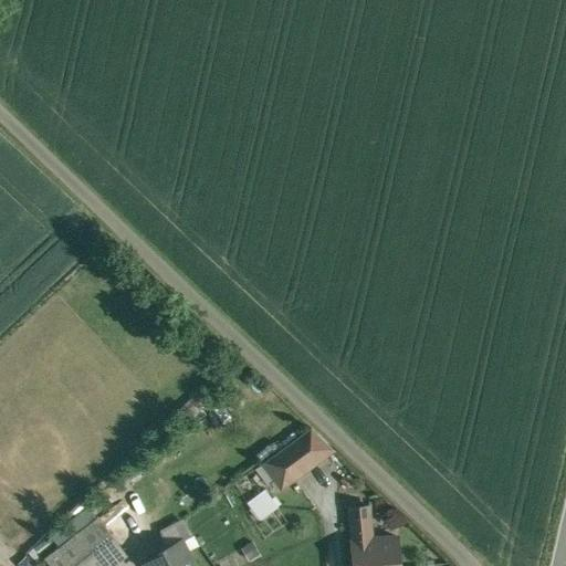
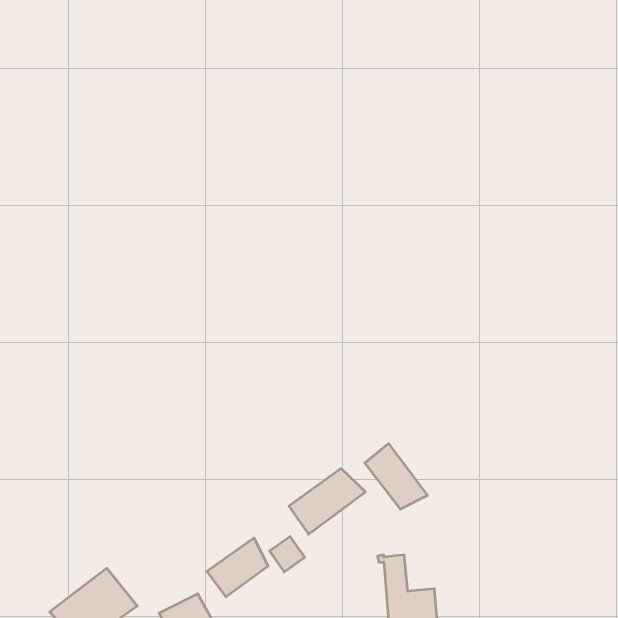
building: none -> [365,444,427,509]
building: none -> [207,538,268,597]

